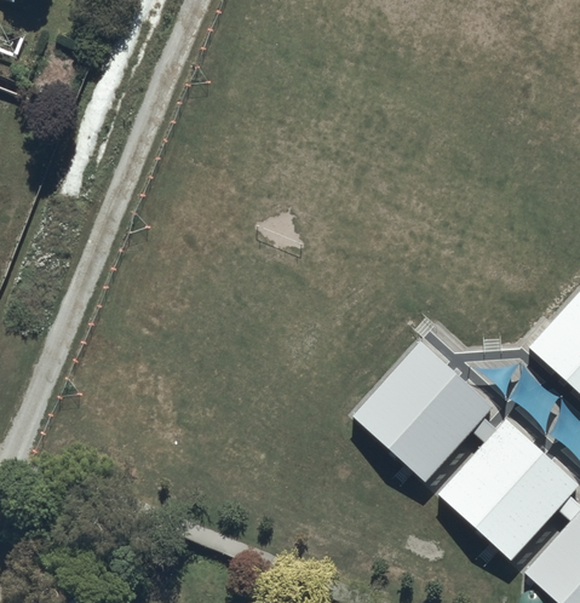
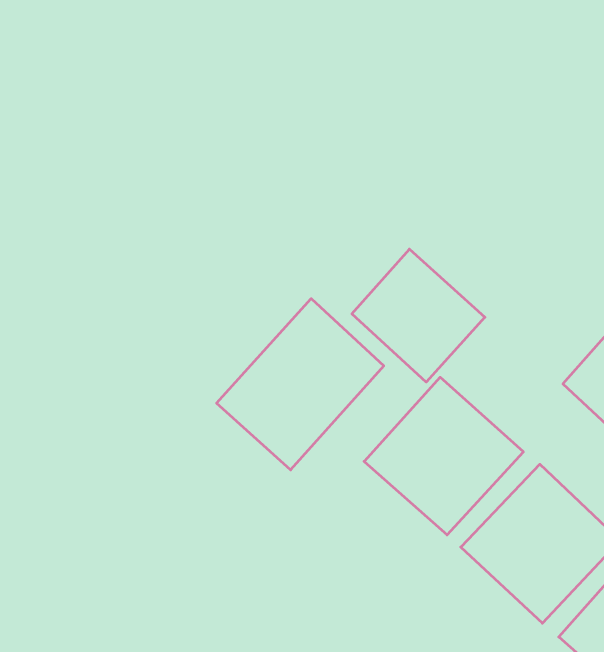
building: none -> [352,249,485,382]
building: none -> [217,299,384,470]

